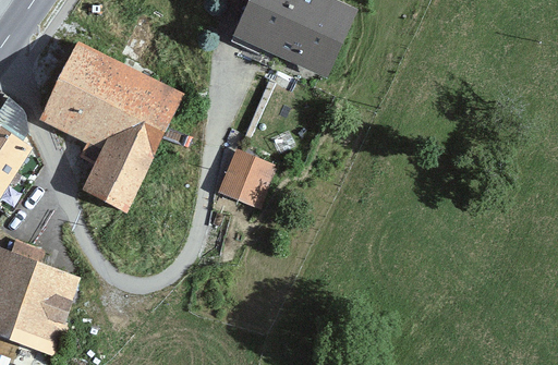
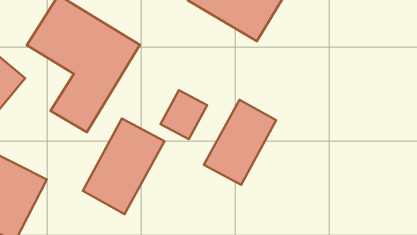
building: none -> [204,100,276,185]
building: none -> [83,118,164,214]

